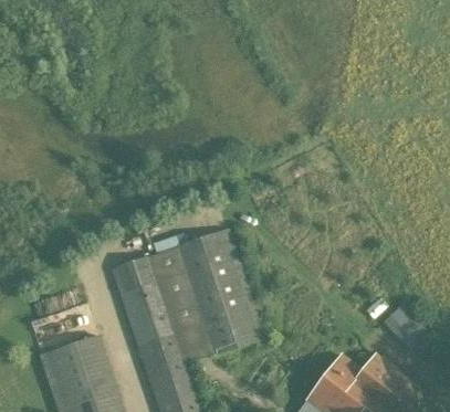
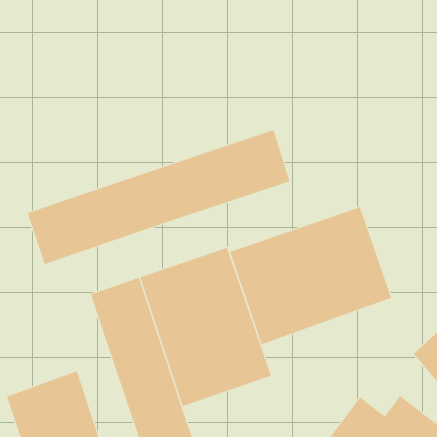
building: none -> [27,129,290,265]
building: none -> [229,206,392,345]

